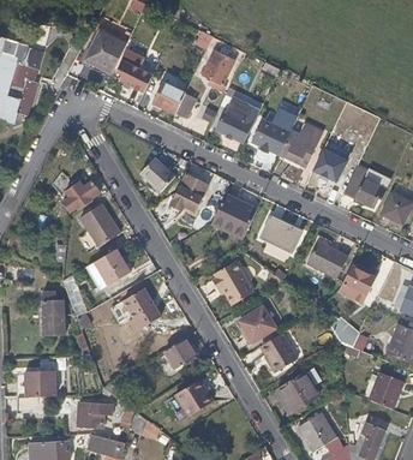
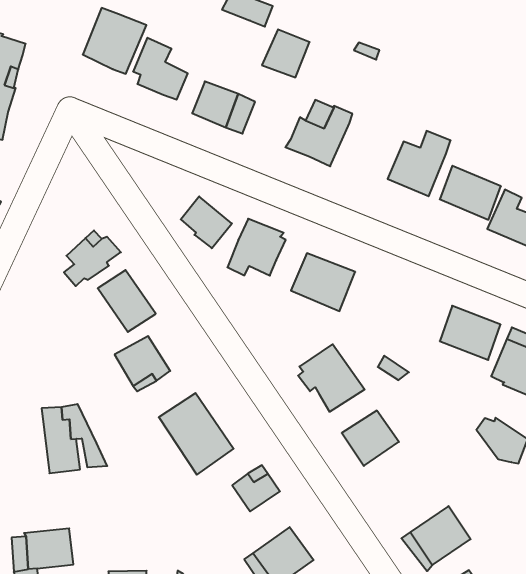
building: [252,108,297,154] -> none
building: [261,216,301,251] -> none
building: [263,336,298,371] -> none

